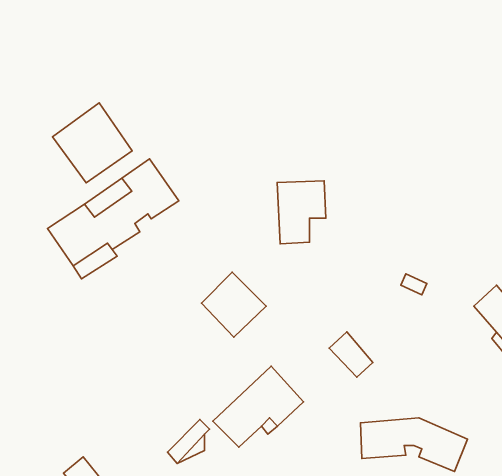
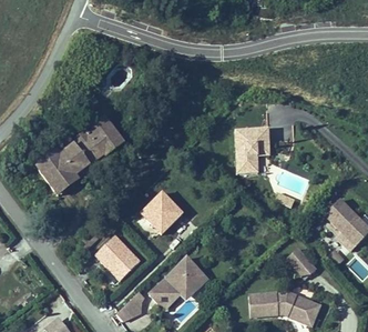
building: [53,103,132,183] -> none
building: [277,181,326,244] -> [235,128,268,171]
building: [329,332,373,377] -> [286,248,316,279]
building: none -> [96,235,140,280]

